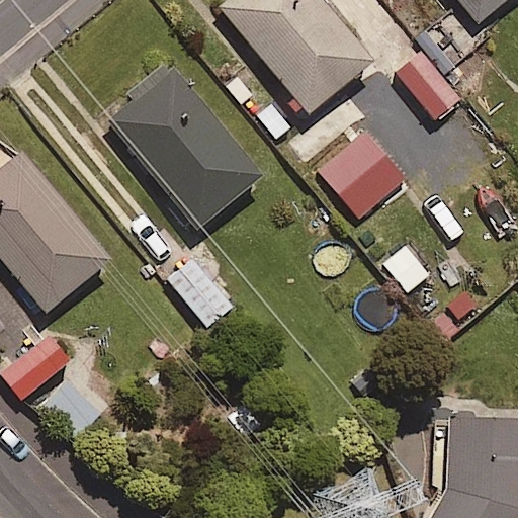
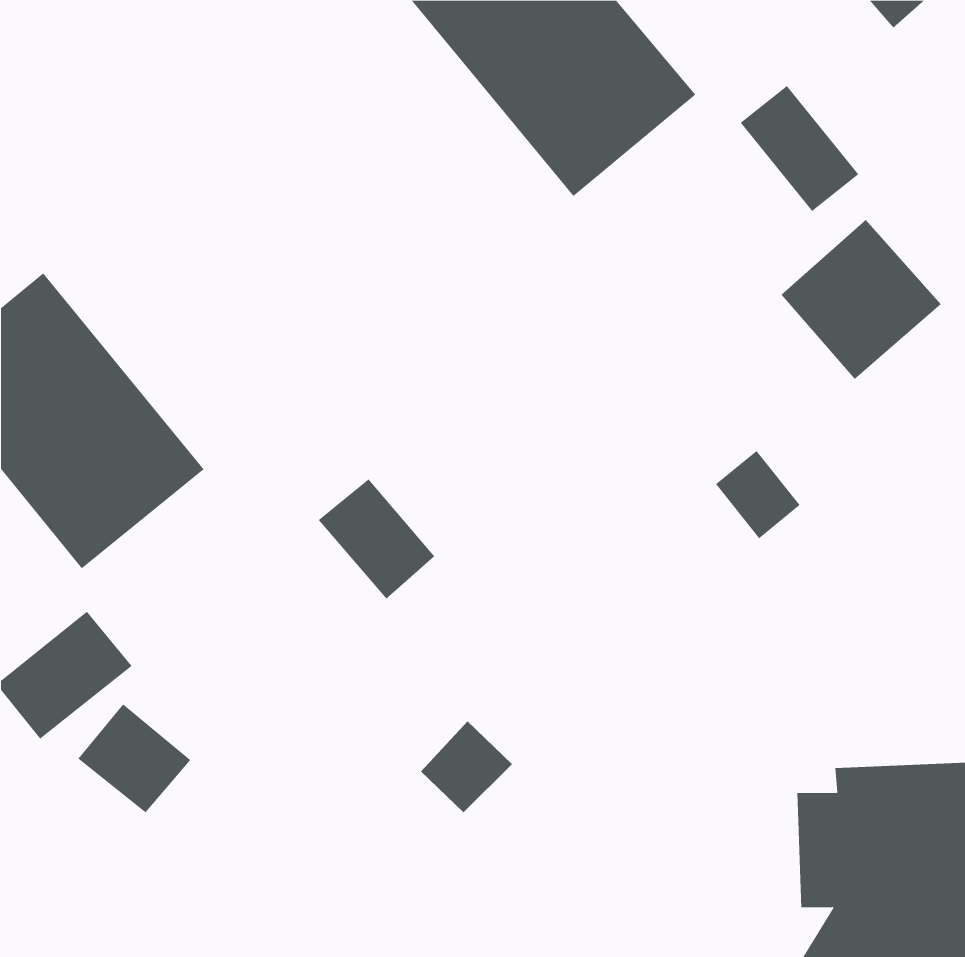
building: [107,67,259,227] -> none
building: [320,134,406,220] -> [781,219,941,380]

